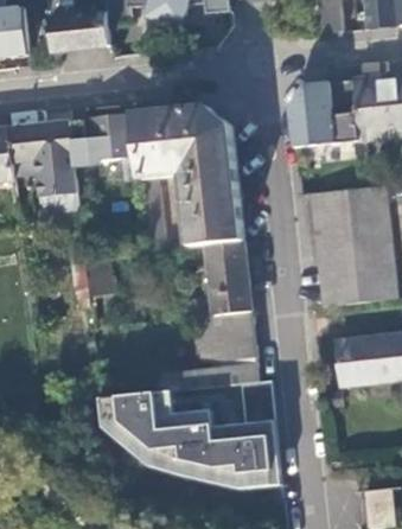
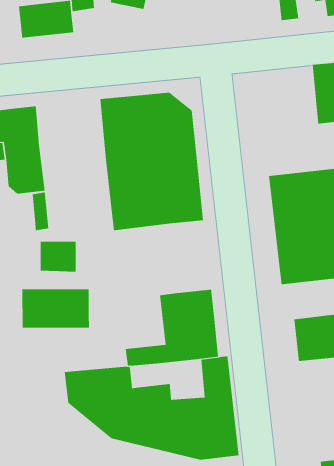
building: [291,78,360,148] -> none
building: [70,114,141,178] -> none
building: [208,240,251,314] -> none
building: none -> [22,288,89,328]

